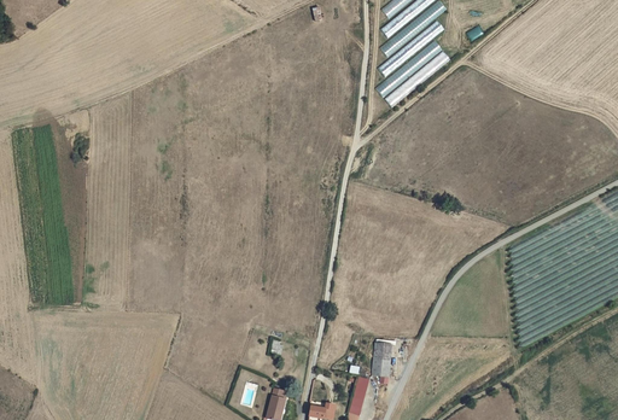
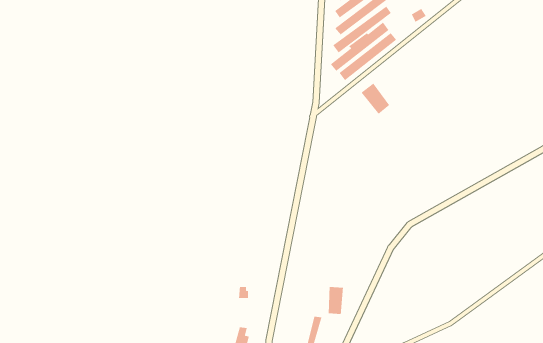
building: none -> [361,82,390,115]

